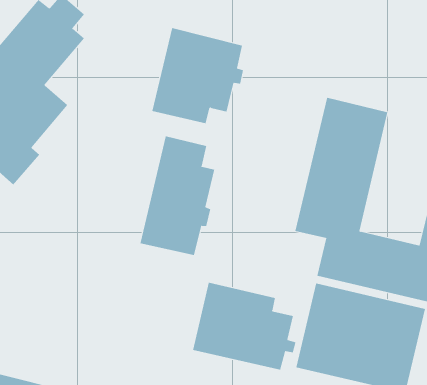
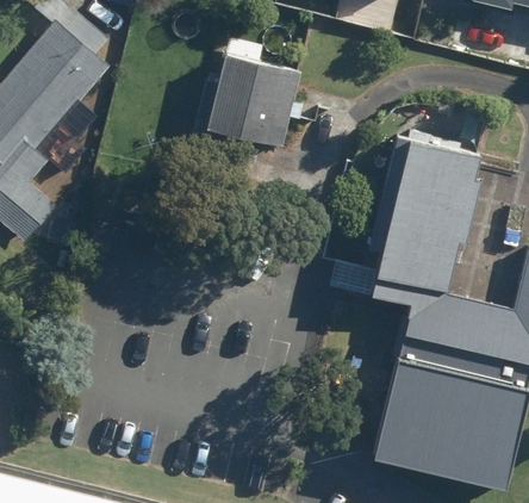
building: [140,135,215,256] -> none
building: [193,282,296,370] -> none

